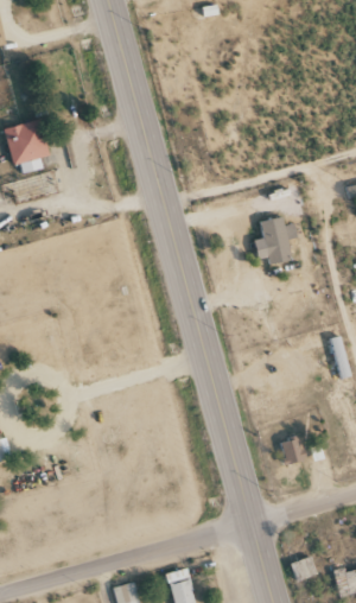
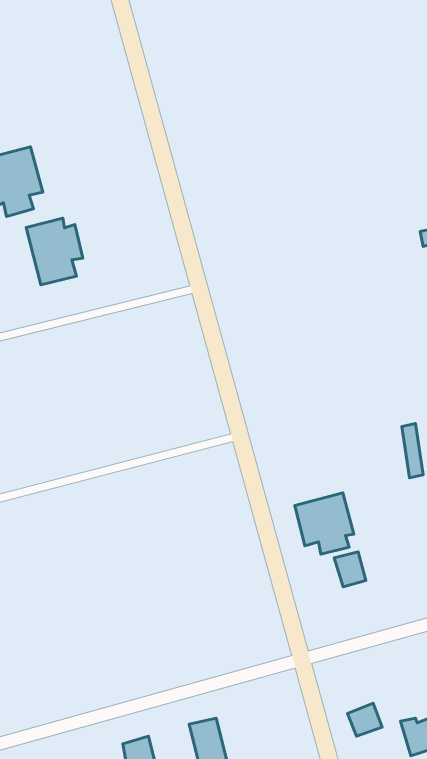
building: none -> [26,218,83,285]
building: [254,216,291,264] -> none
building: none -> [295,493,354,554]

